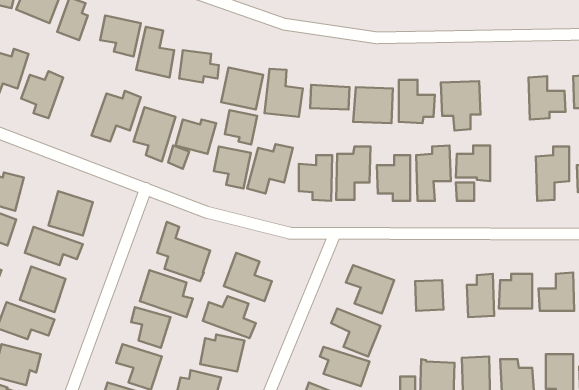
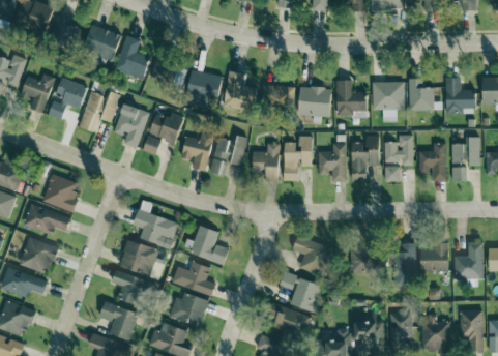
building: none -> [49,78,87,118]
building: none -> [408,78,434,110]
building: [225,110,257,145] -> none
building: none -> [418,142,446,180]

